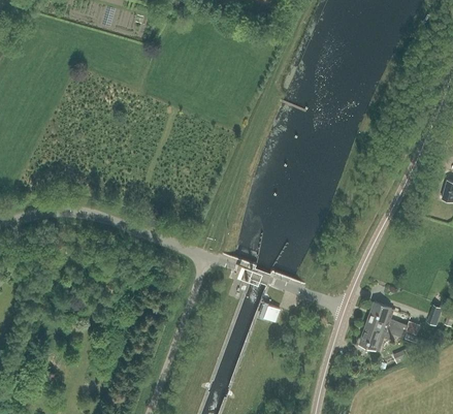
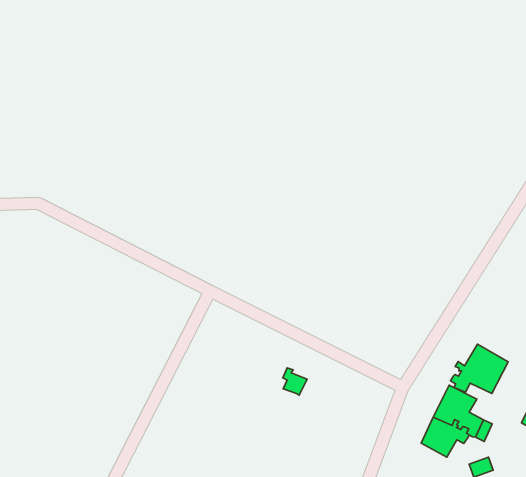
building: none -> [450,344,508,394]

